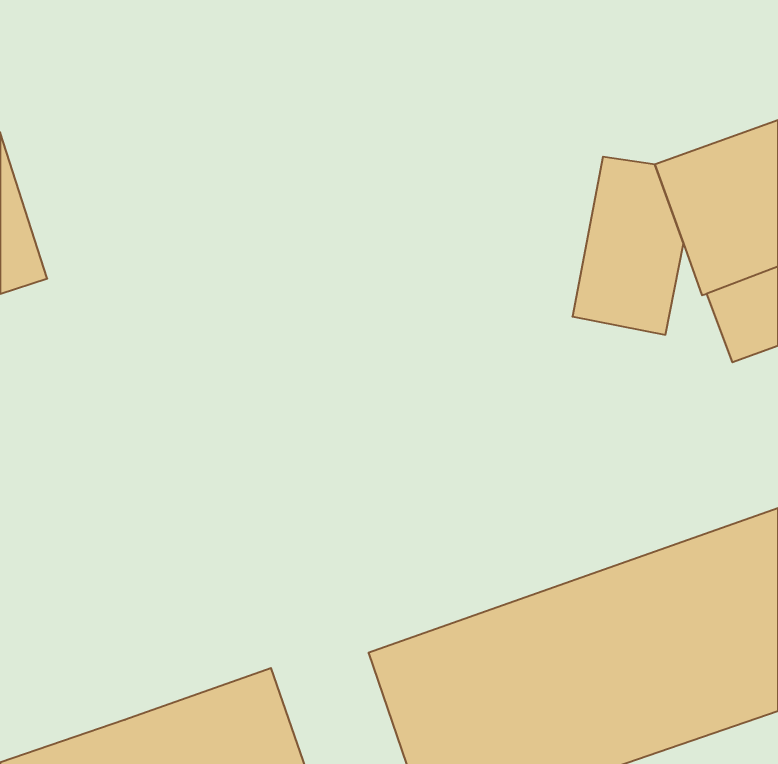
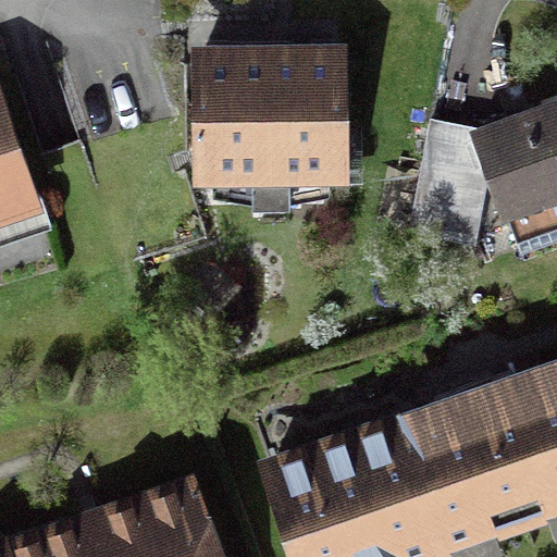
building: none -> [190,39,350,185]

